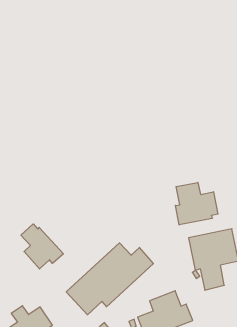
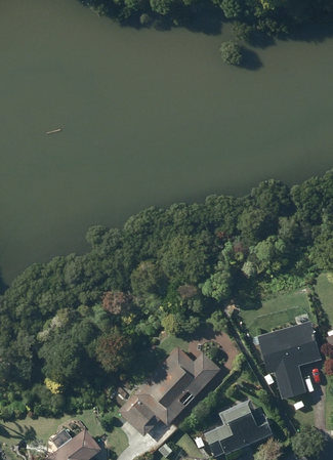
building: [175,182,218,225] -> none
building: [21,224,63,269] -> none

